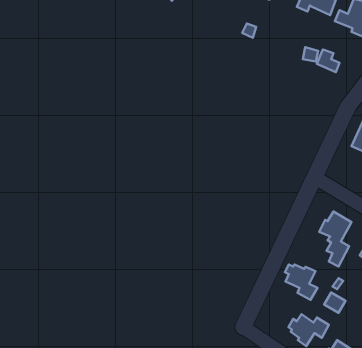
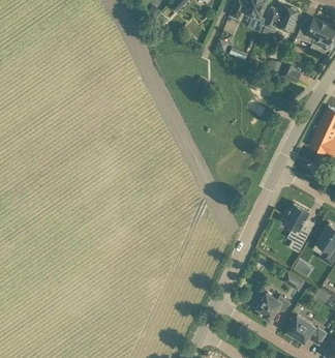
building: [285,264,317,300] -> none

